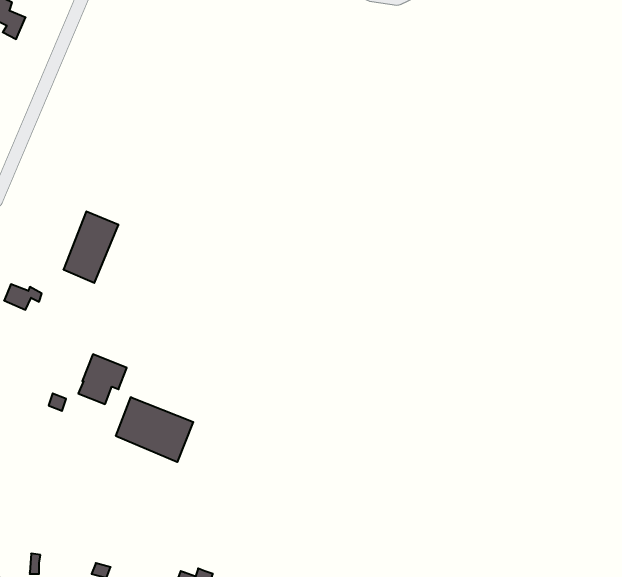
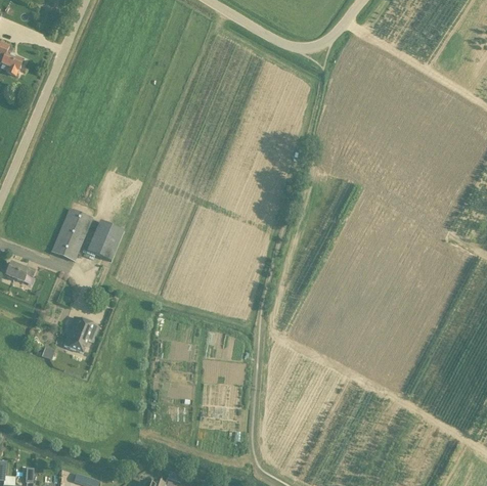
building: none -> [85,221,123,262]
building: [116,397,193,462] -> none

